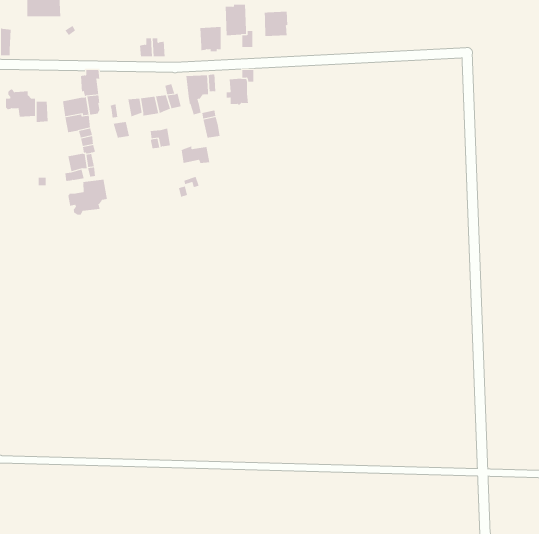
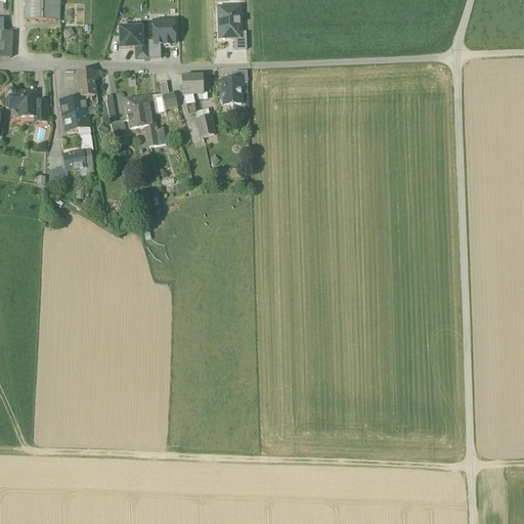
building: [264,11,288,37] -> none
building: none -> [120,23,141,44]
building: [199,27,222,52] -> [152,17,174,42]
building: [181,146,210,163] -> [127,110,156,127]
building: [68,179,108,216] -> none

